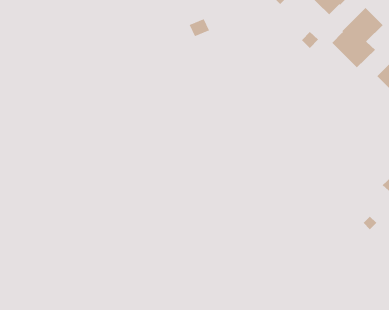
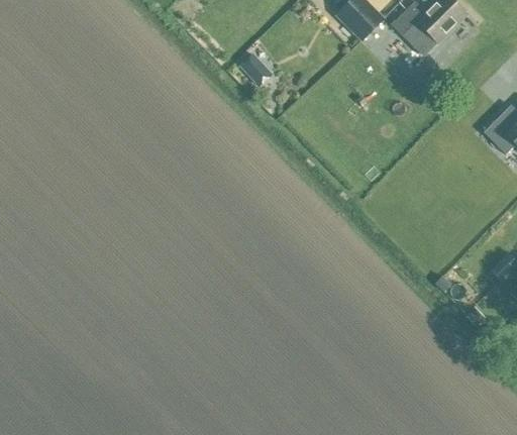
building: [332,7,384,68] -> none

